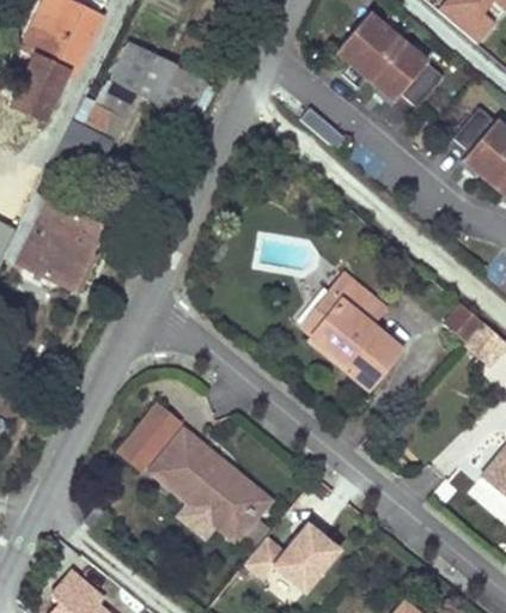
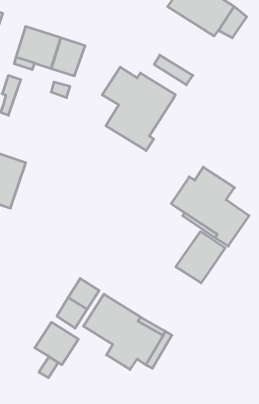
building: none -> [102,67,175,151]
building: none -> [176,232,225,283]
building: none -> [35,322,78,365]
building: [248,522,345,594] -> none

